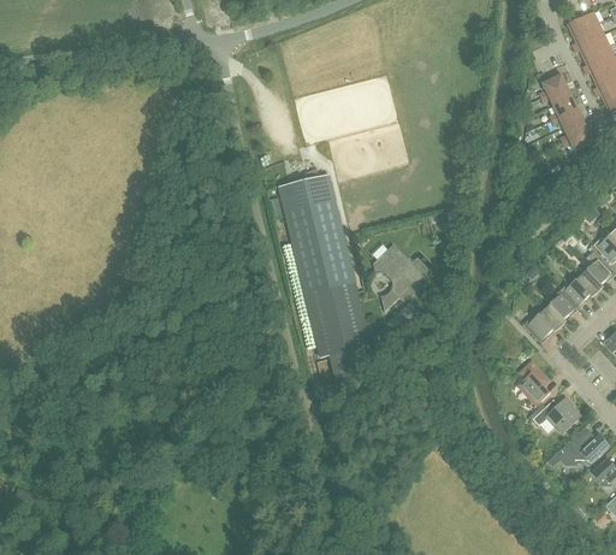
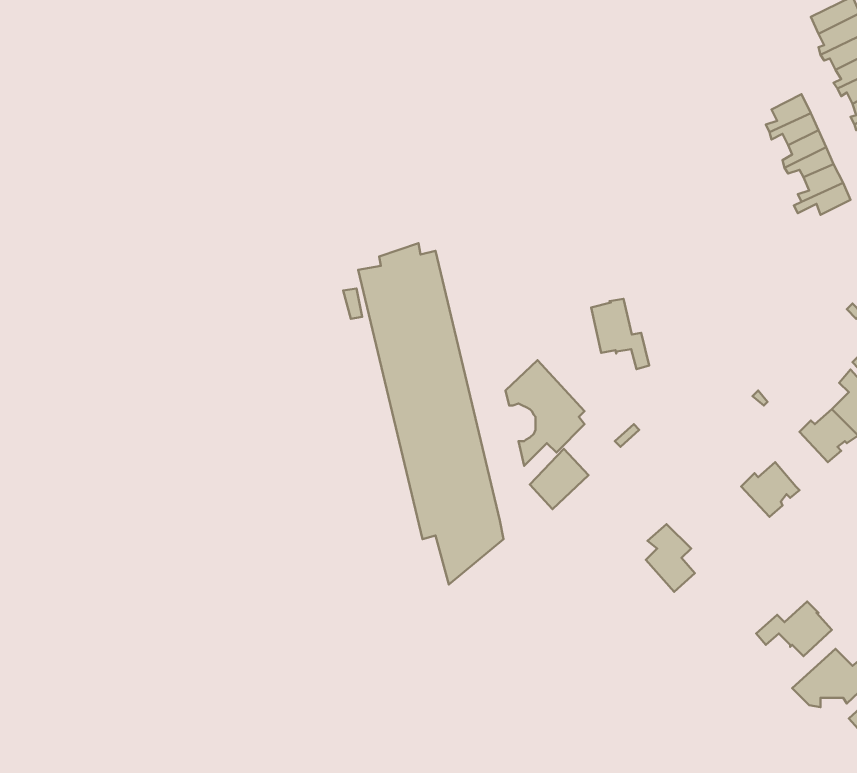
building: none -> [591,299,649,369]
building: [545,288,579,325] -> none
building: [519,360,550,403] -> [646,524,695,592]

